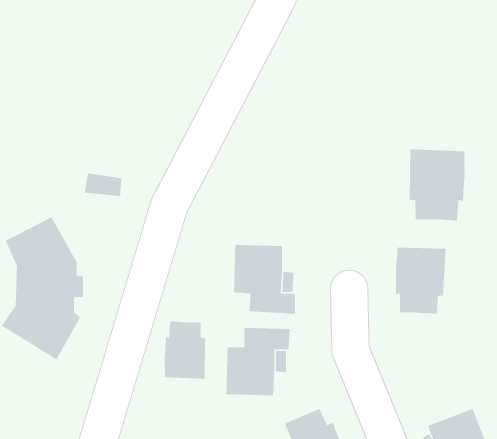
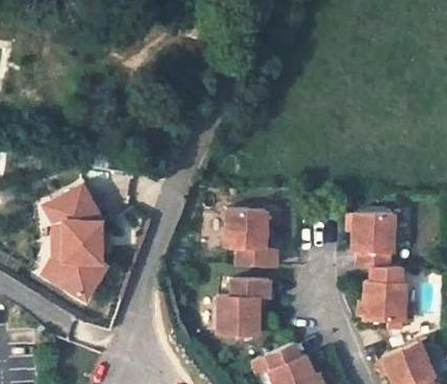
building: [409,148,465,221] -> none
building: none -> [365,266,407,322]
building: [164,321,206,379] -> none

